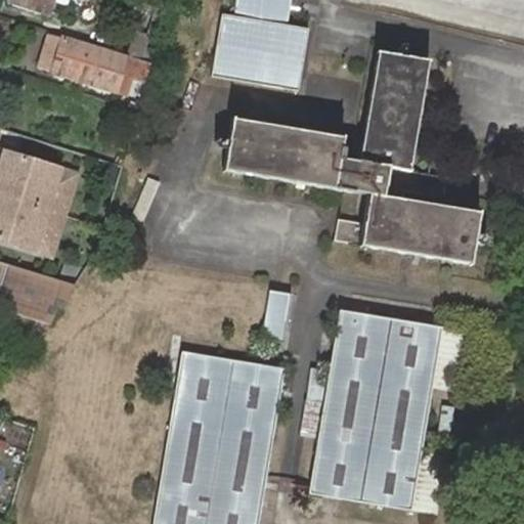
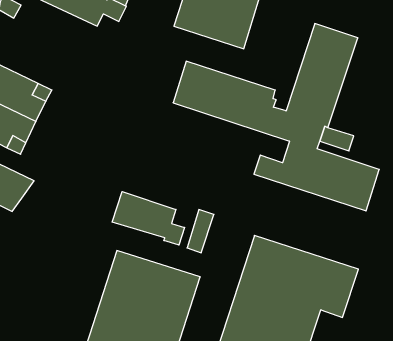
building: none -> [112,192,185,245]

